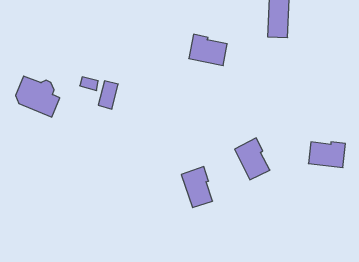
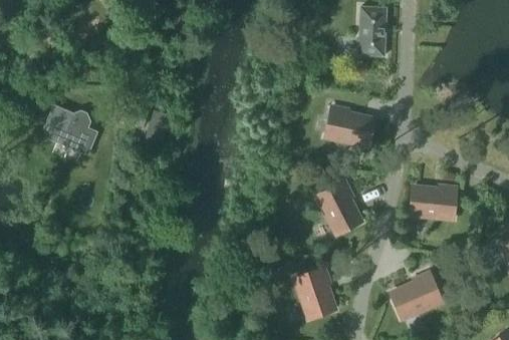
building: [189,34,227,66] -> [325,107,373,146]
building: [181,167,213,208] -> [295,267,334,318]
building: none -> [391,273,442,318]

